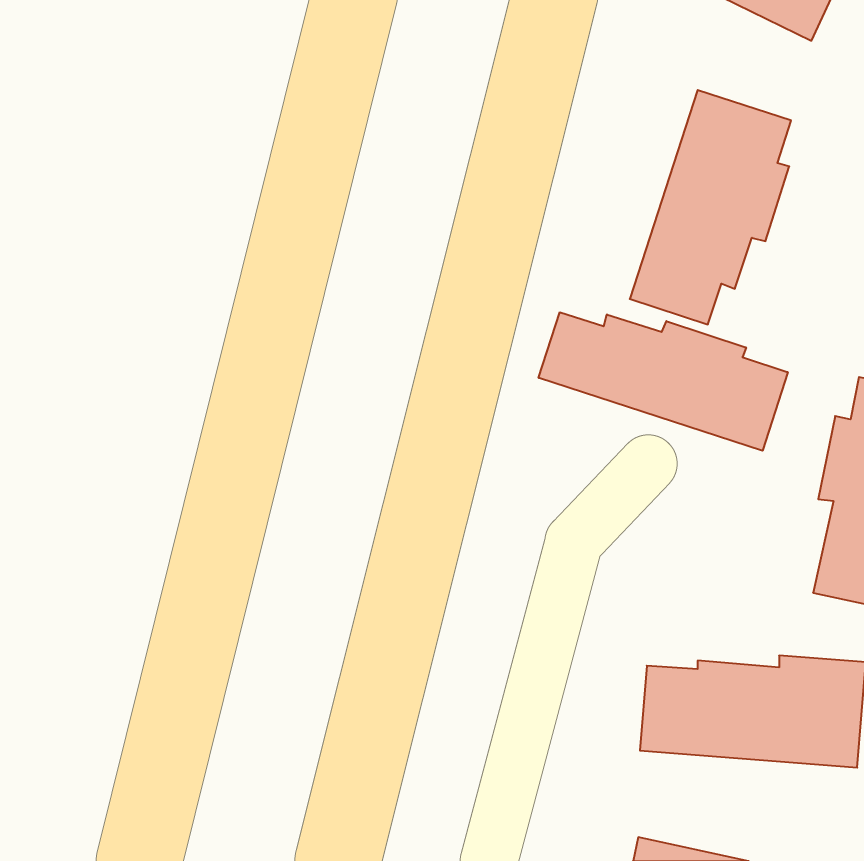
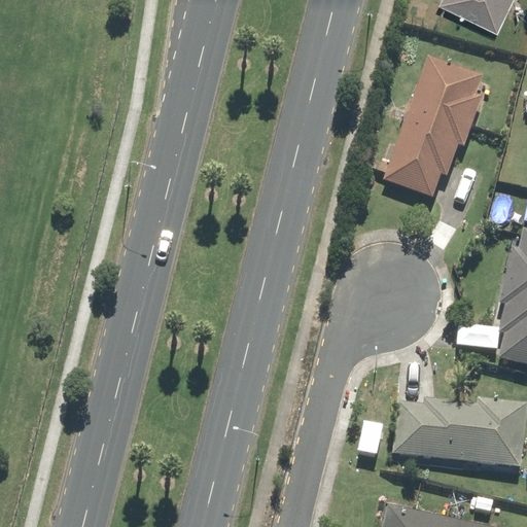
building: [539,312,788,451] -> none

